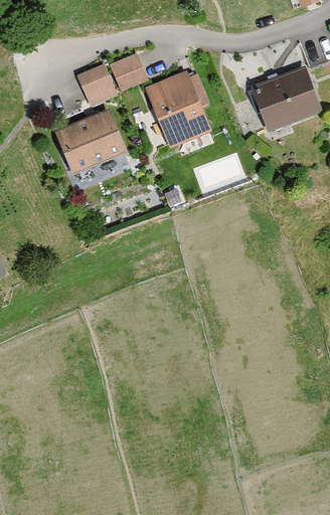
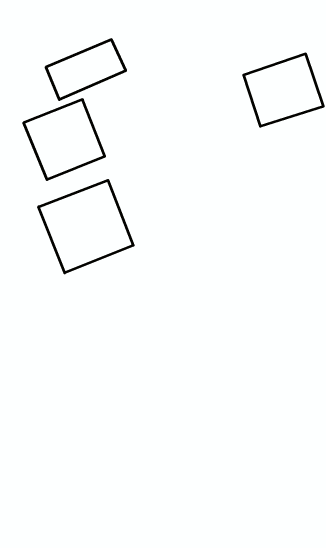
building: [143,67,213,152] -> none
building: none -> [39,180,133,273]

